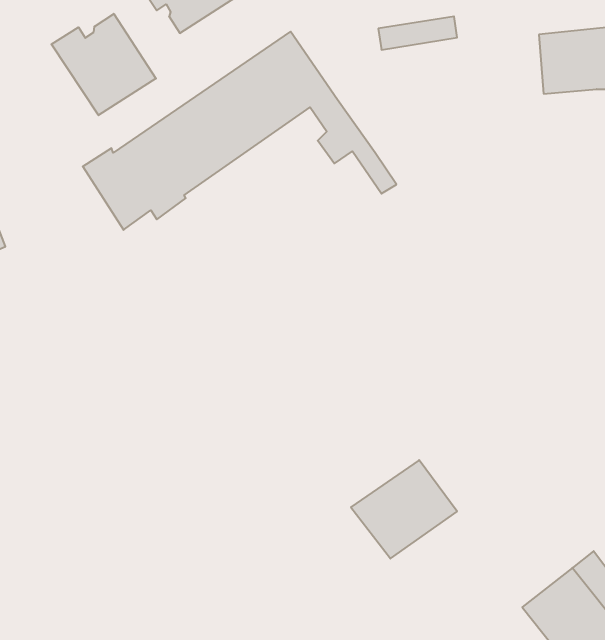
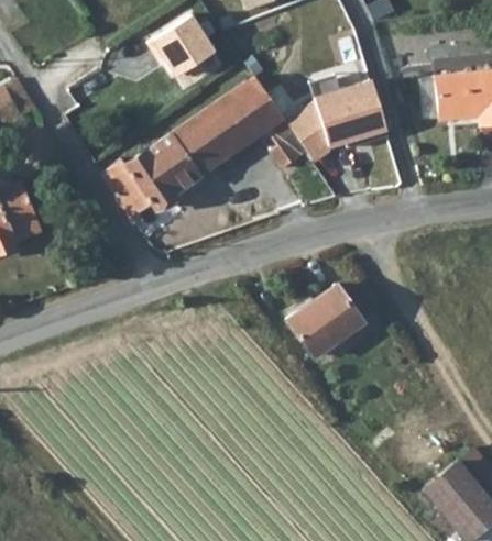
building: [51,14,156,115] -> none
building: none -> [285,82,390,163]
building: [351,460,457,559] -> [287,285,364,356]

